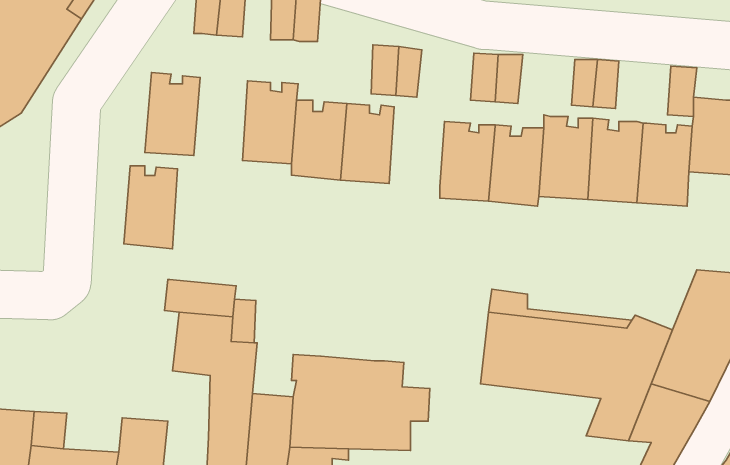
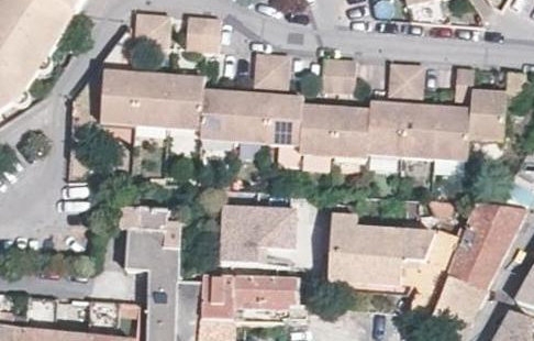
building: none -> [267,92,305,146]
building: [124,166,177,249] -> [135,73,171,129]
building: none -> [221,205,291,264]

